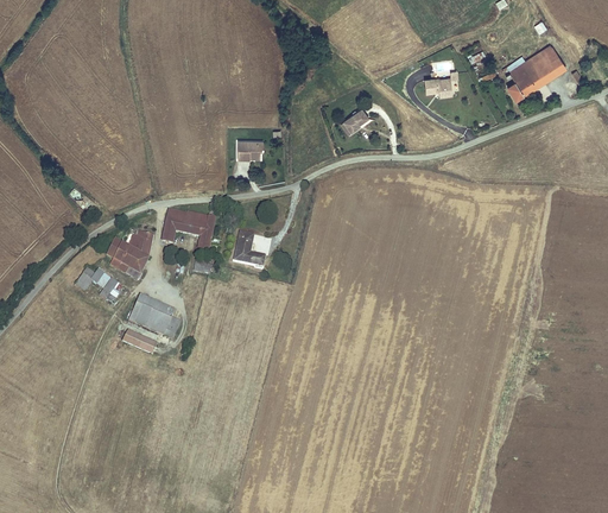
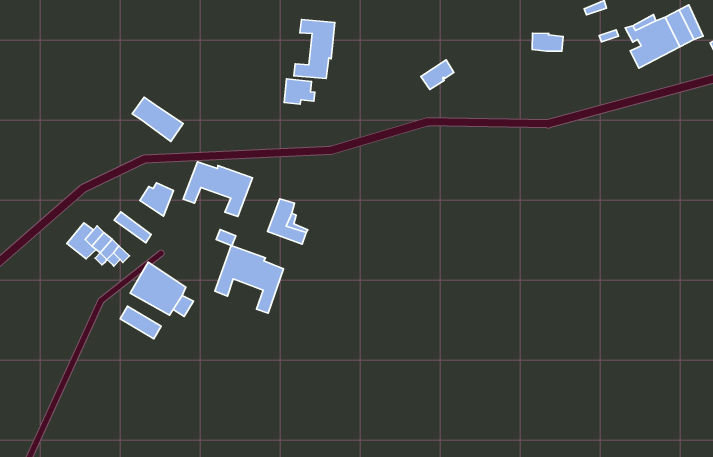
building: none -> [294,20,335,79]
building: [107,239,148,272] -> [132,97,183,142]
building: none -> [215,245,284,313]

